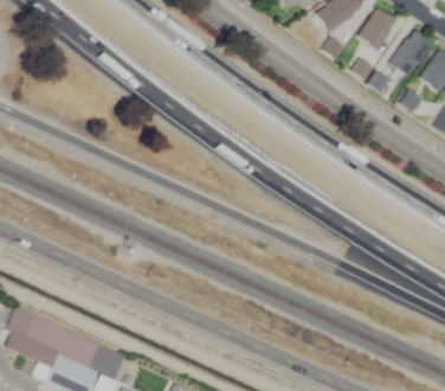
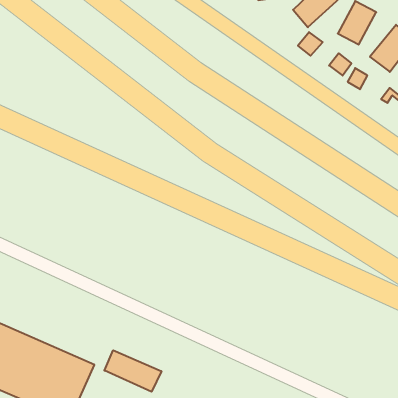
building: none -> [104,350,161,392]

